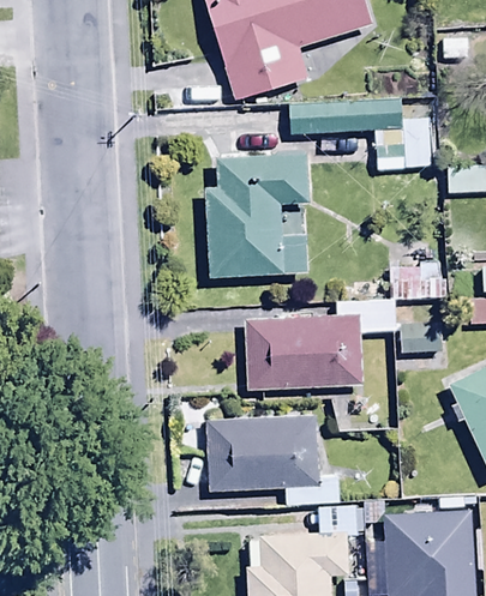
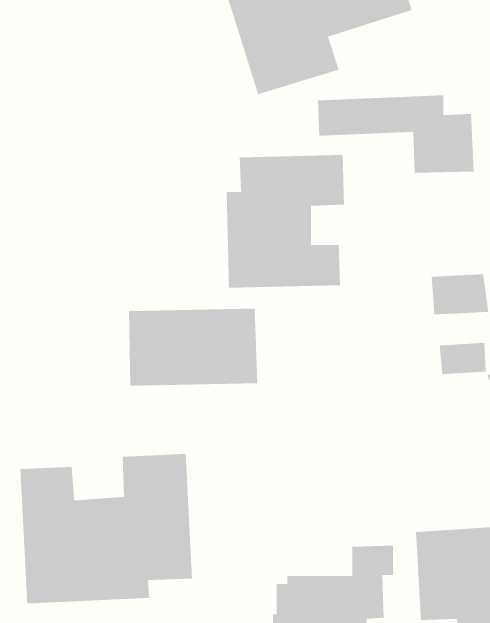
building: [244,301,361,372] -> [128,308,258,386]
building: [209,426,340,516] -> none
building: none -> [20,453,192,604]

